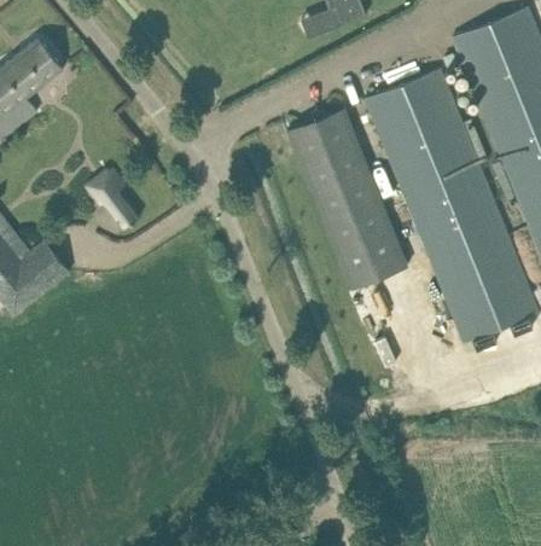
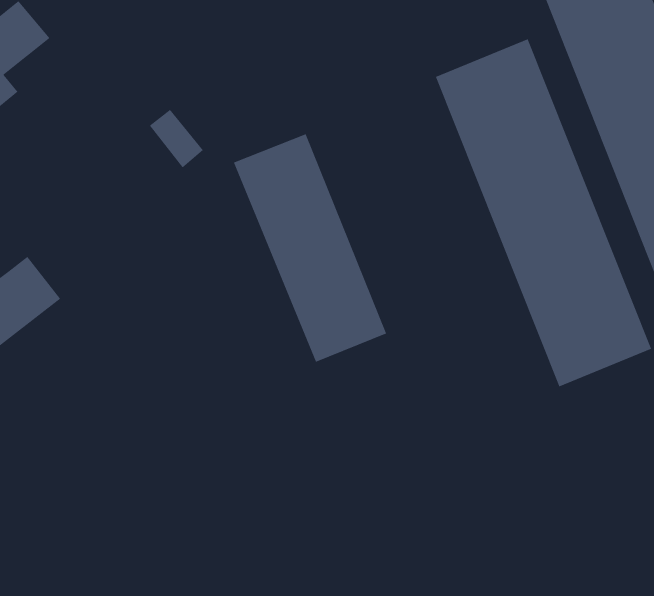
building: [286,108,408,289] -> [233,133,387,363]
building: [97,184,140,231] -> [149,109,204,169]

